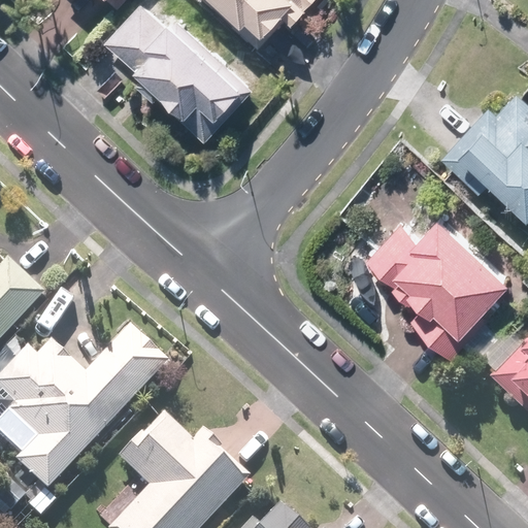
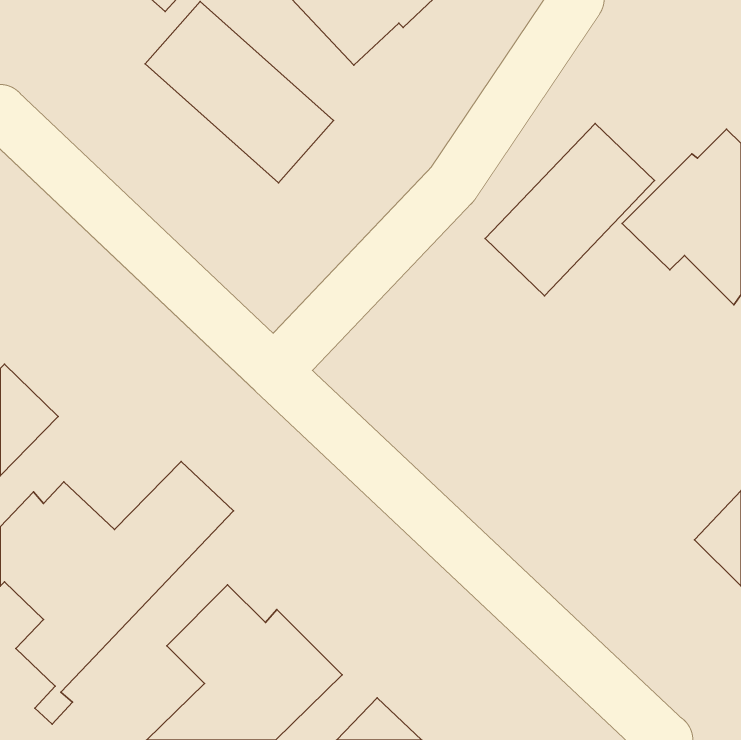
building: none -> [485,123,654,296]
building: [378,213,507,364] -> none

